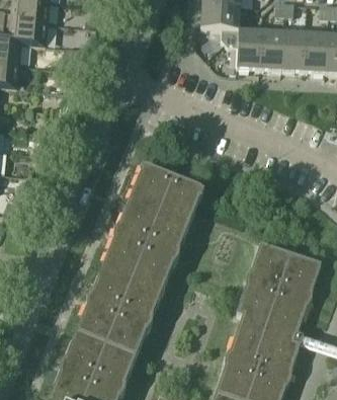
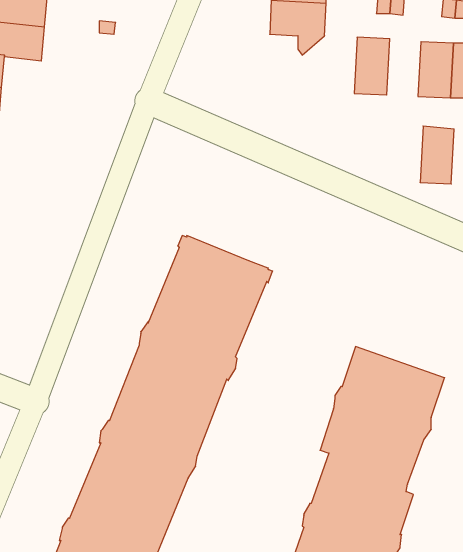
building: [223,28,260,68] -> none
building: [280,30,304,70] -> [420,126,454,184]

